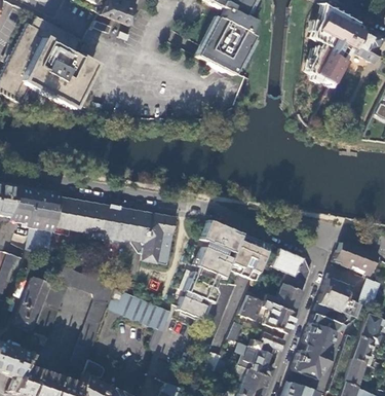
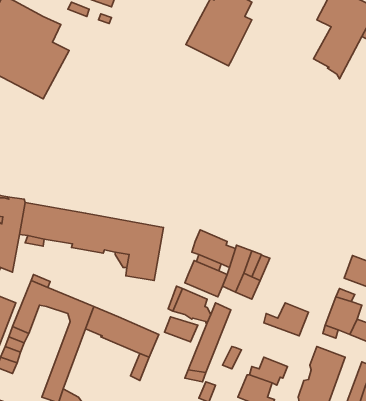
building: [272,249,312,292] -> none
building: [241,295,296,332] -> none

